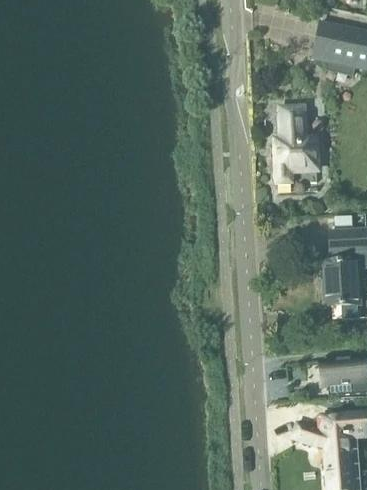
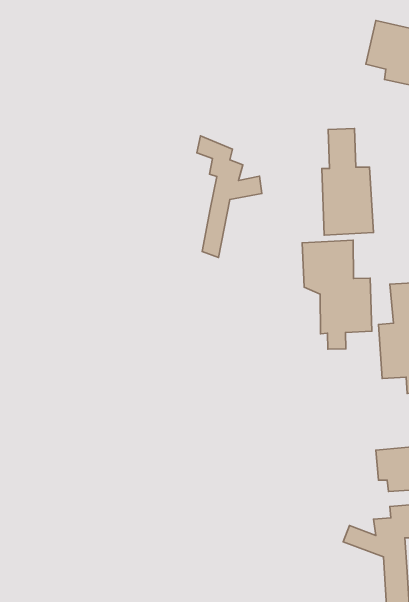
building: none -> [197,136,262,258]
building: none -> [302,240,372,349]

